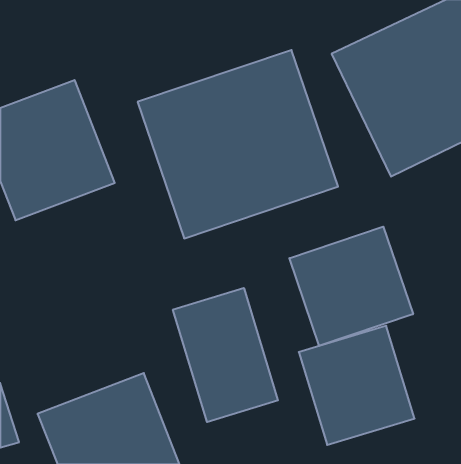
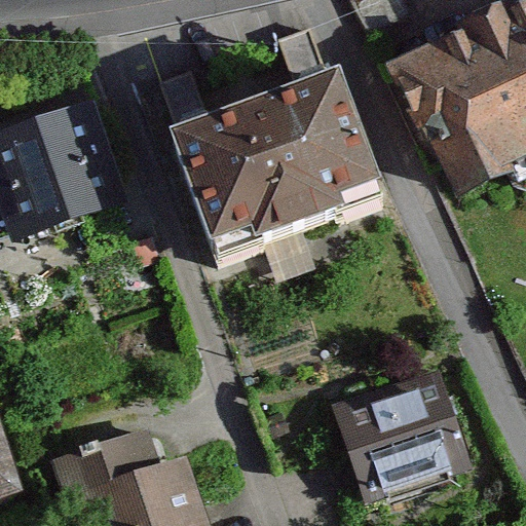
building: [289,227,413,346] -> none
building: [173,288,278,422] -> none

